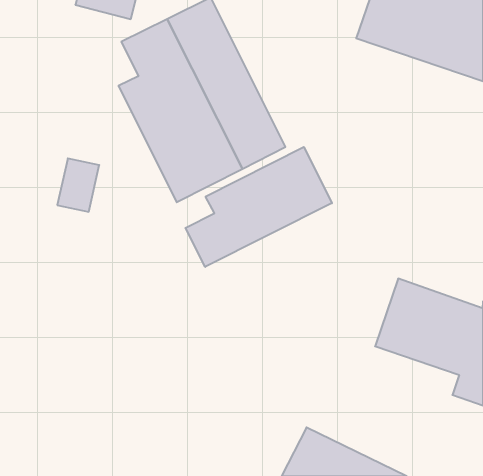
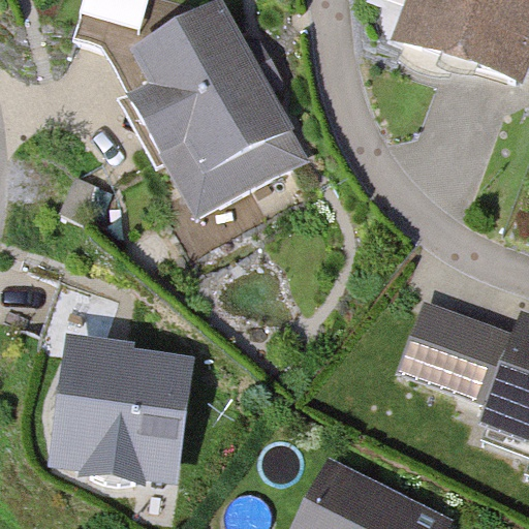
building: [185,147,332,267] -> none
building: none -> [45,347,195,481]

